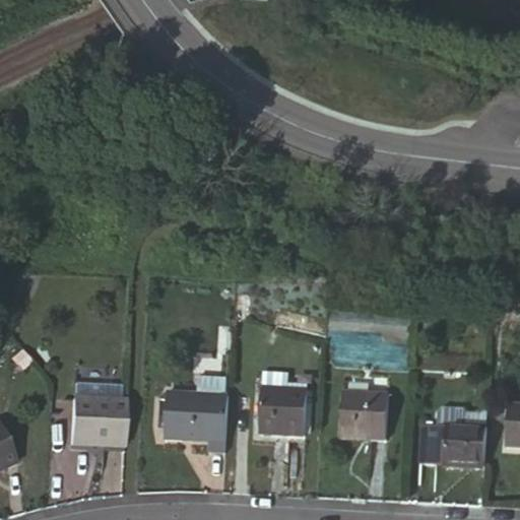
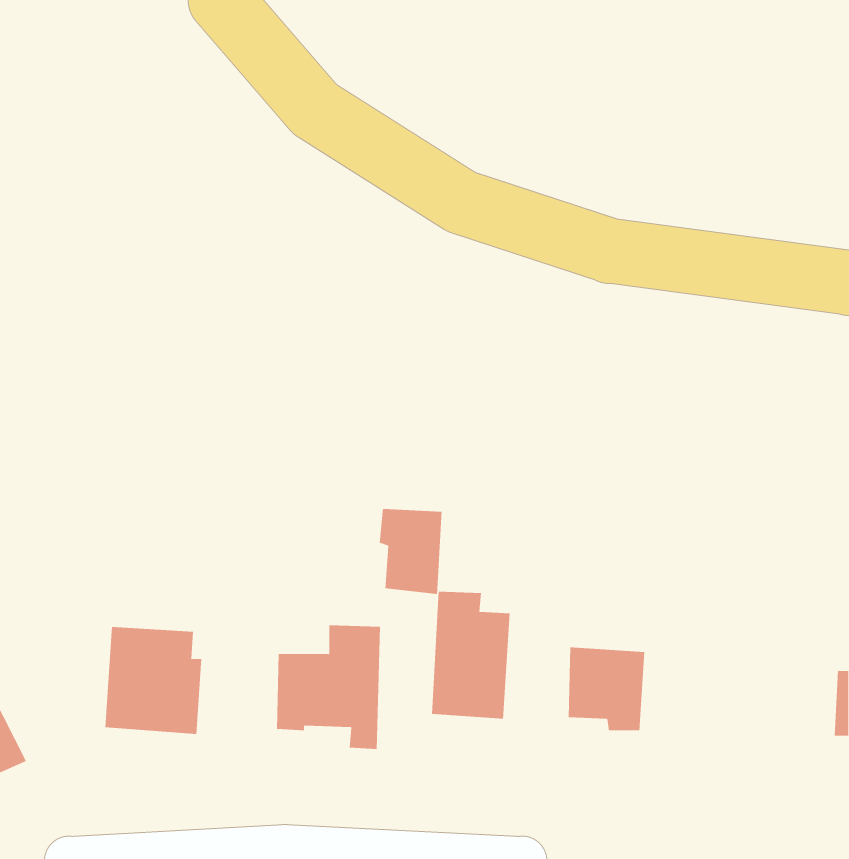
building: none -> [379,508,442,595]
building: [419,420,486,469] -> none

